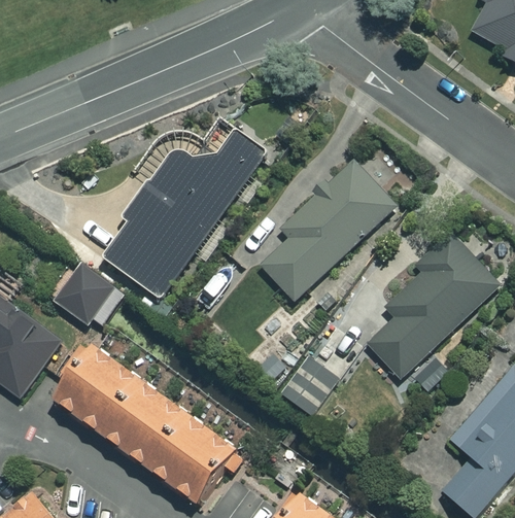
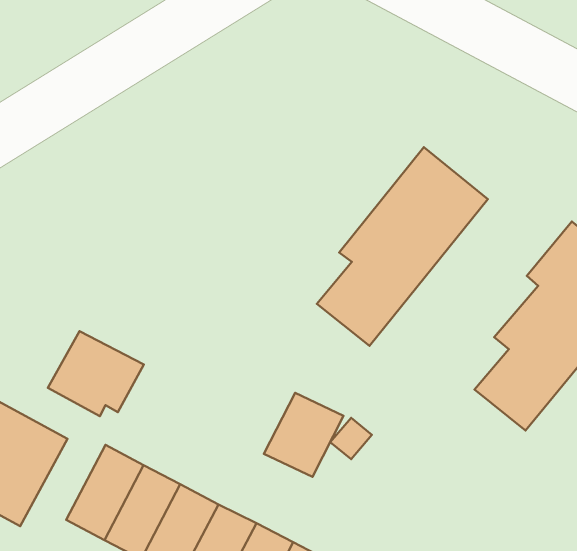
building: [103,129,269,298] -> none
building: [279,356,341,419] -> [264,393,344,477]

